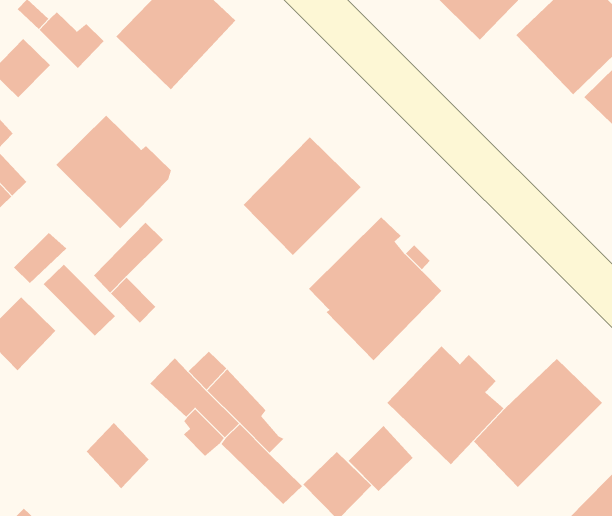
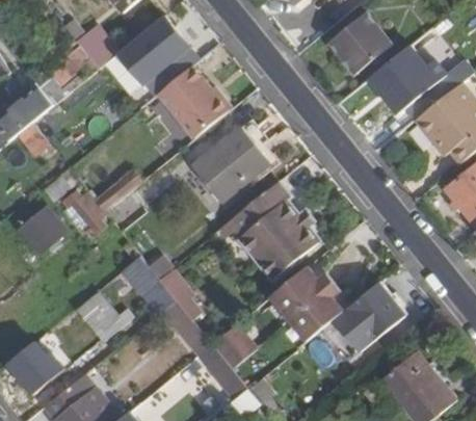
building: [55,115,172,229] -> [157,67,230,139]
building: [348,425,414,492] -> none

